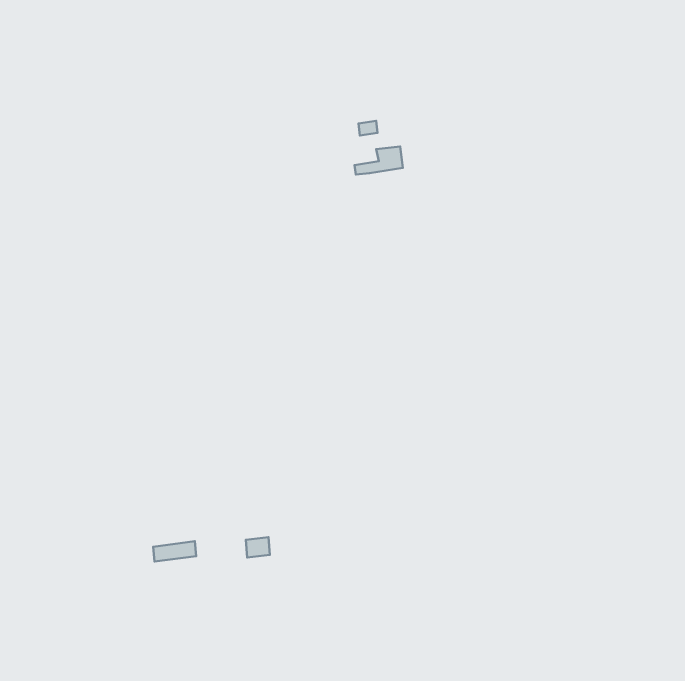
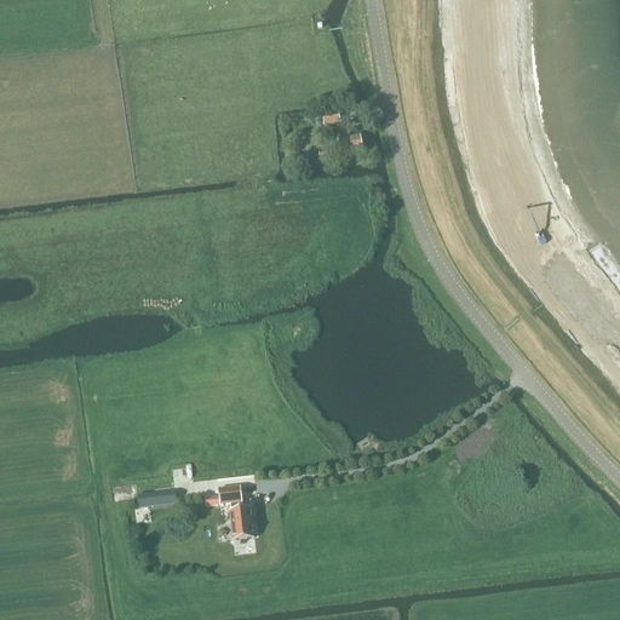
building: none -> [230,506,254,538]

